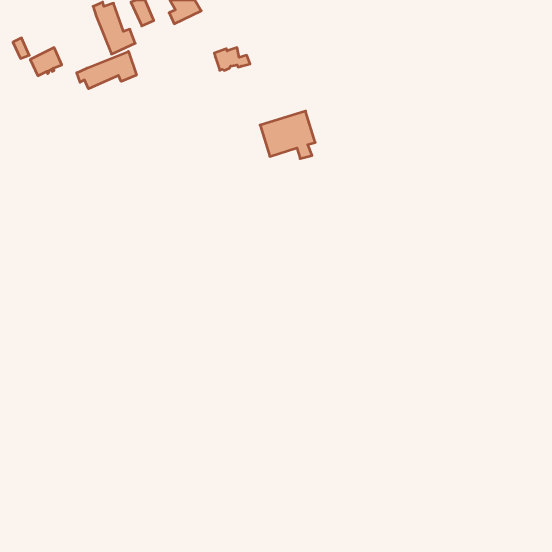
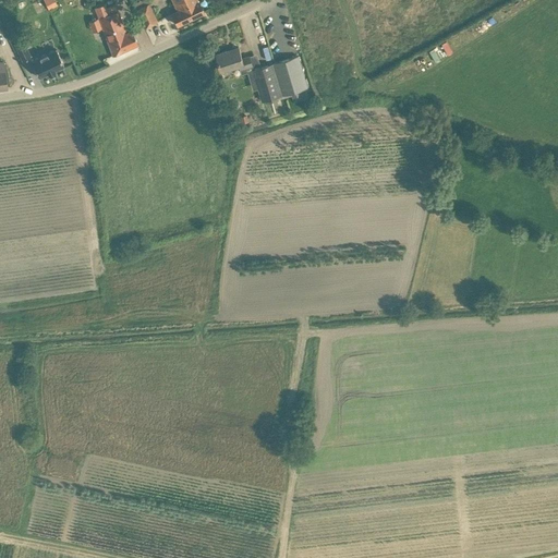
building: [77,51,136,89] -> none
building: [260,111,315,159] -> [252,56,307,104]

